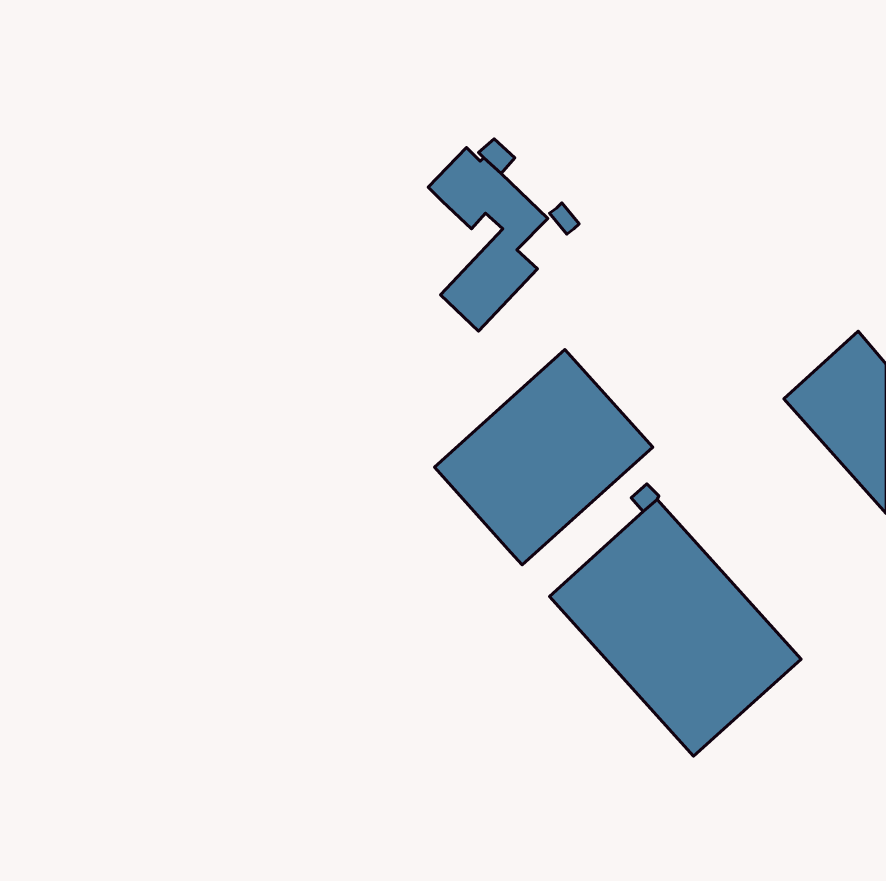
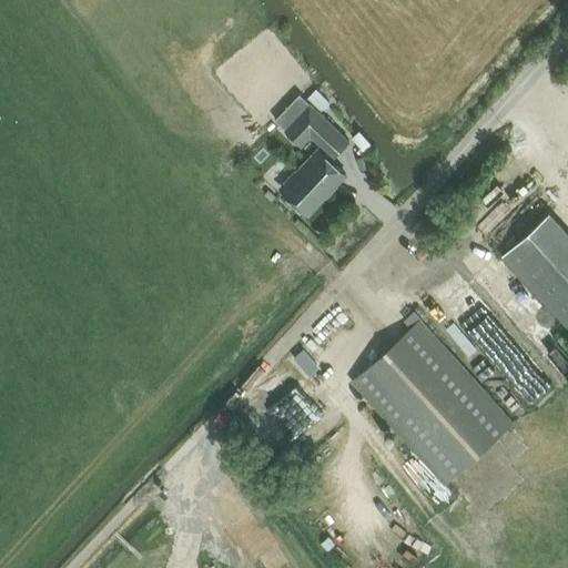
building: [435,350,653,565] -> none

